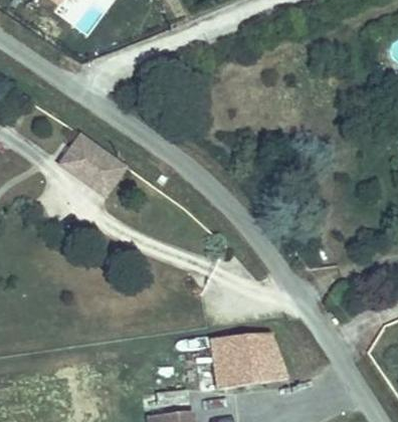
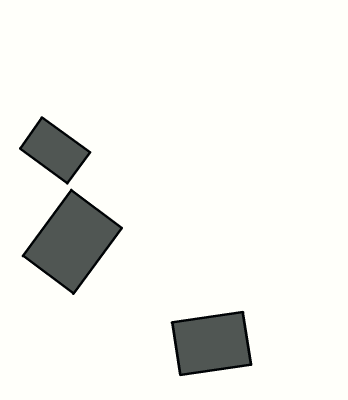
building: none -> [23,190,122,294]

